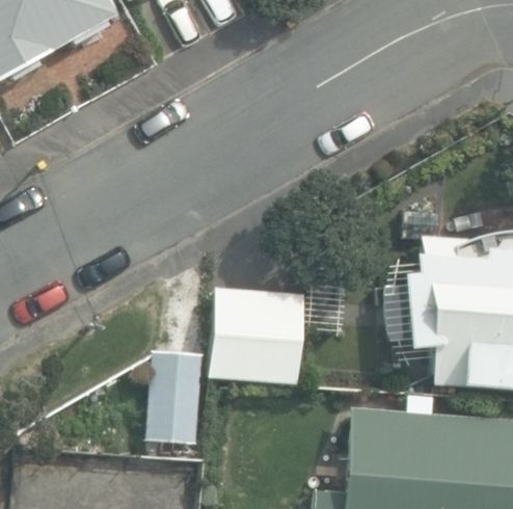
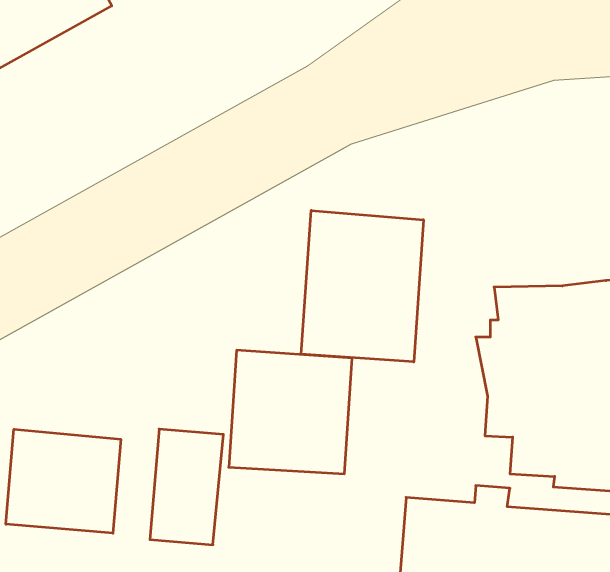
building: none -> [301,210,423,362]
building: none -> [6,429,121,533]

